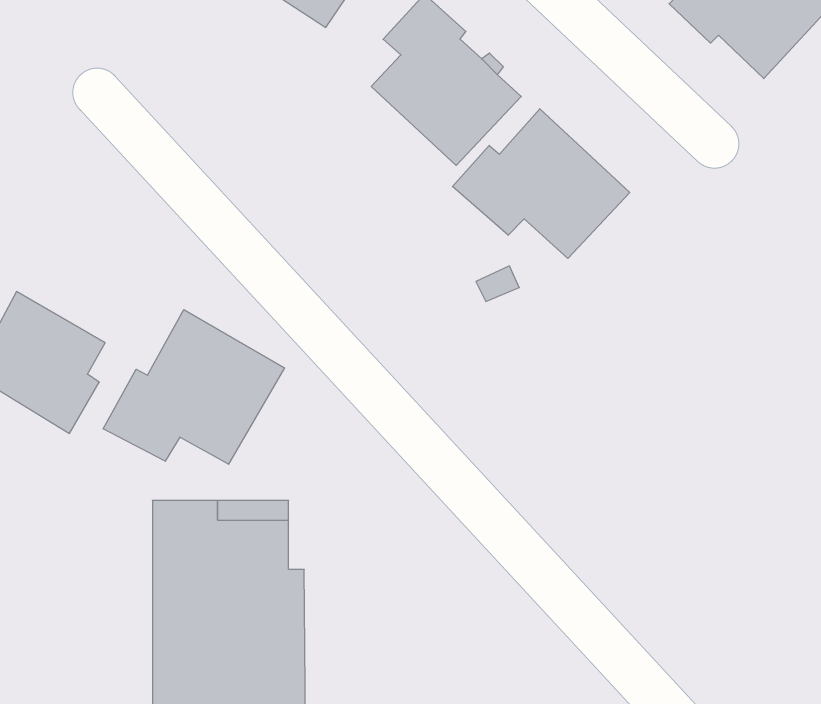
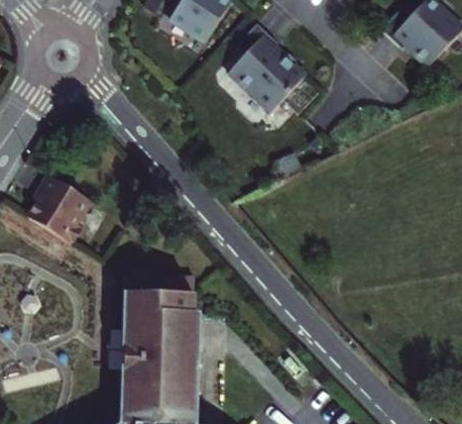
building: [452,109,630,258] -> none
building: [103,310,285,464] -> none

